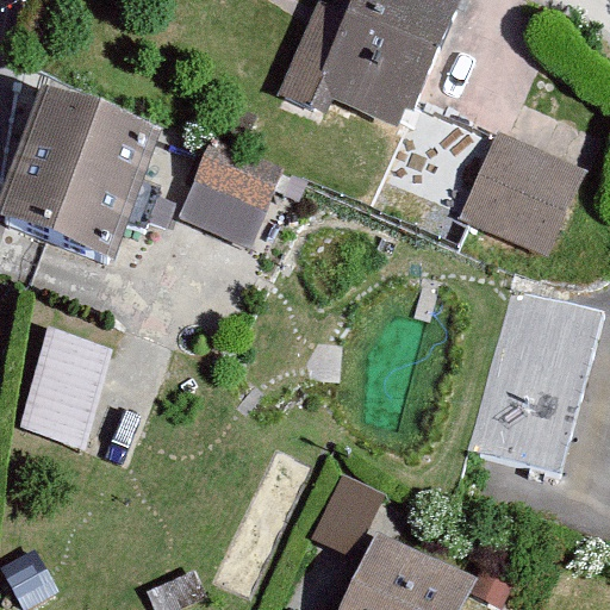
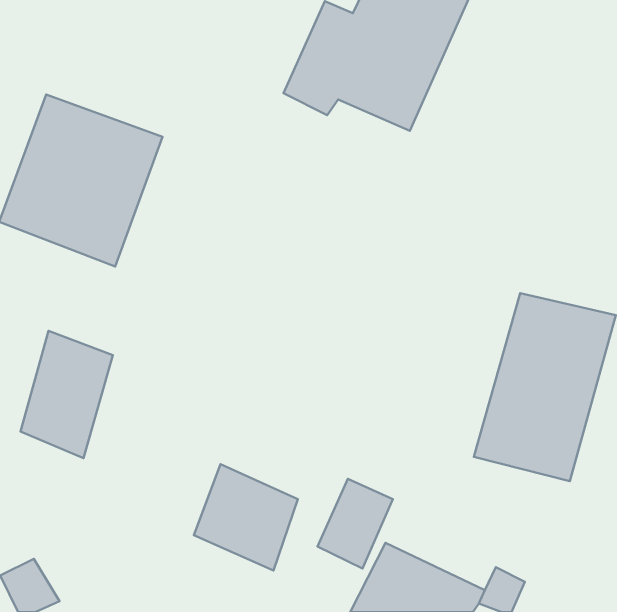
building: [460,131,583,255] -> none
building: [179,136,285,248] -> none
building: none -> [194,464,298,571]

